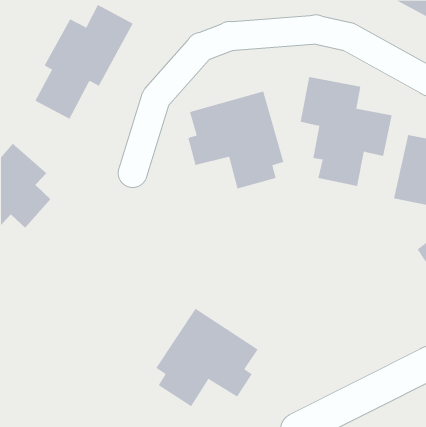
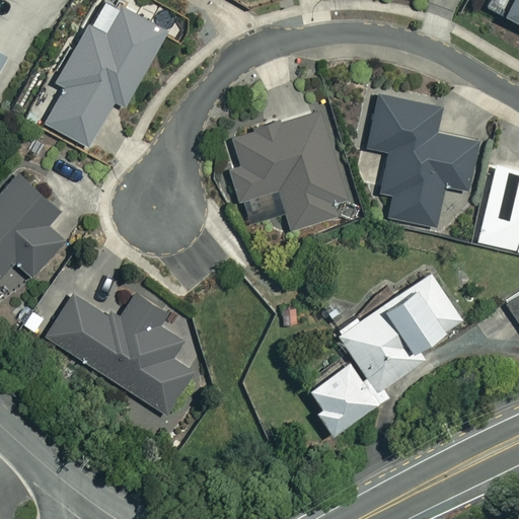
building: none -> [303,273,462,435]
building: none -> [48,294,195,416]
building: [156,308,258,407] -> none

